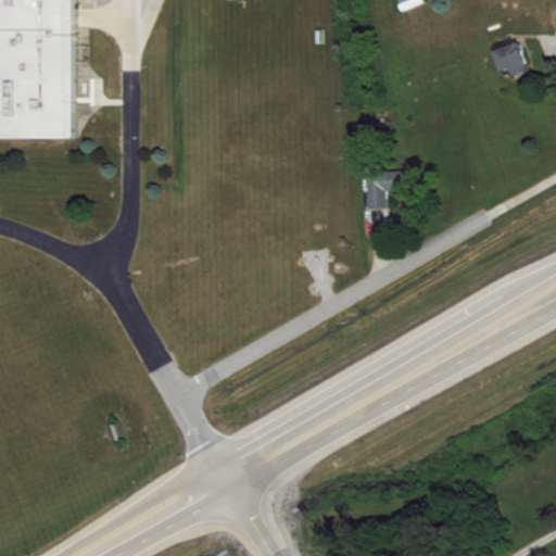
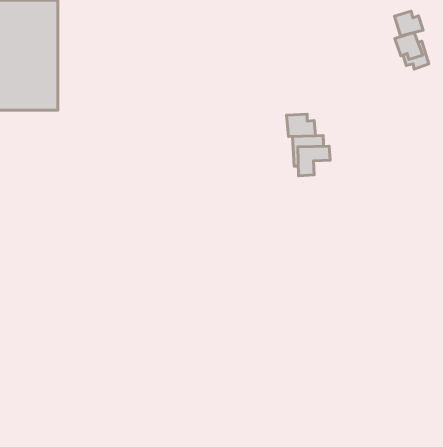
building: none -> [394,11,423,36]
building: none -> [287,114,315,137]

